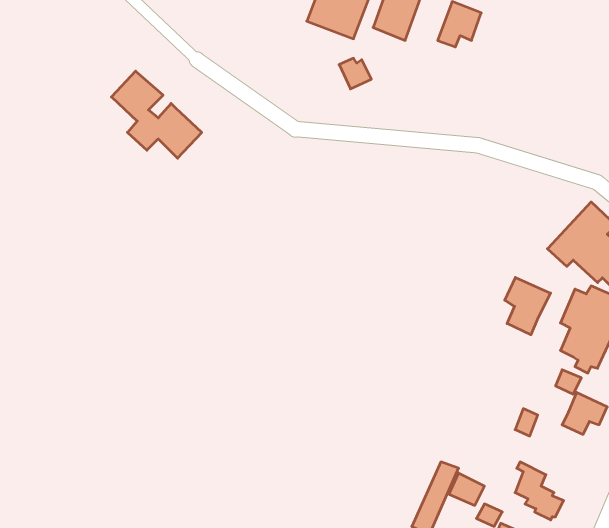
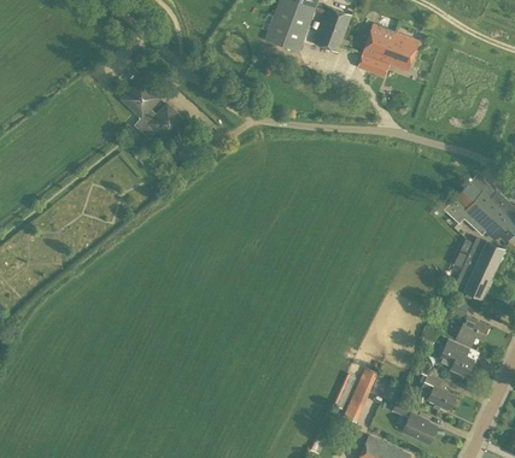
building: none -> [358,33,420,74]
building: [505,277,551,335] -> none
building: none -> [437,337,474,375]

